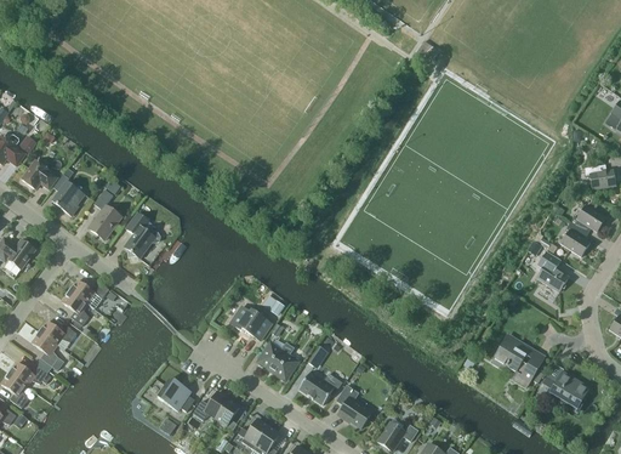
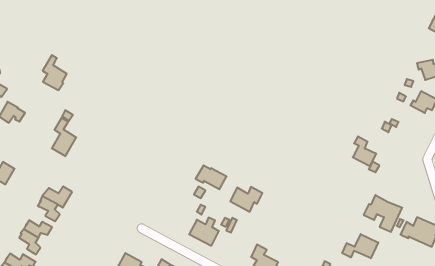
building: [52,168,85,215] -> [43,55,67,90]
building: [125,212,160,259] -> none
building: [562,222,591,257] -> none
building: [537,251,569,293] -> [353,136,376,166]
building: [230,306,272,340] -> [196,165,227,189]
building: [300,371,343,405] -> [230,187,262,212]
building: none -> [342,234,378,258]

